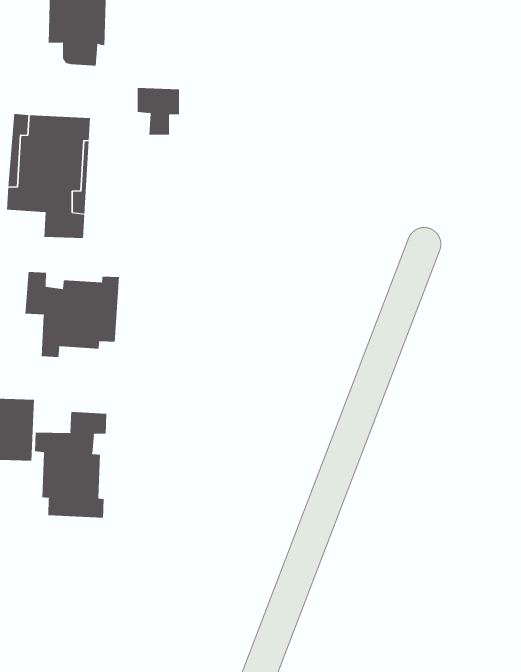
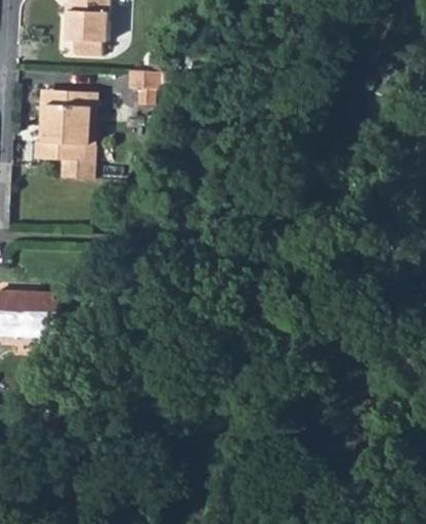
building: [25,271,120,358] -> none
building: [34,411,107,518] -> none

